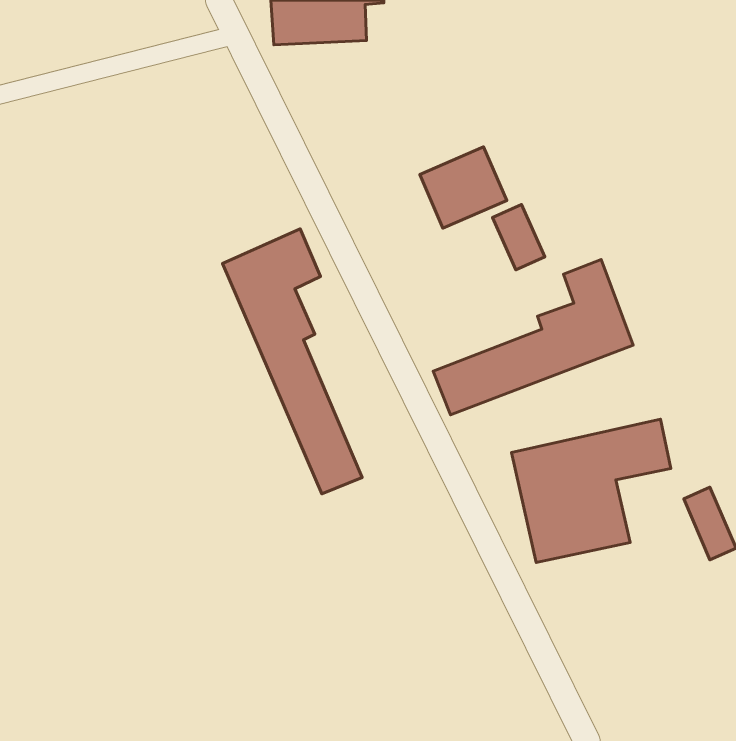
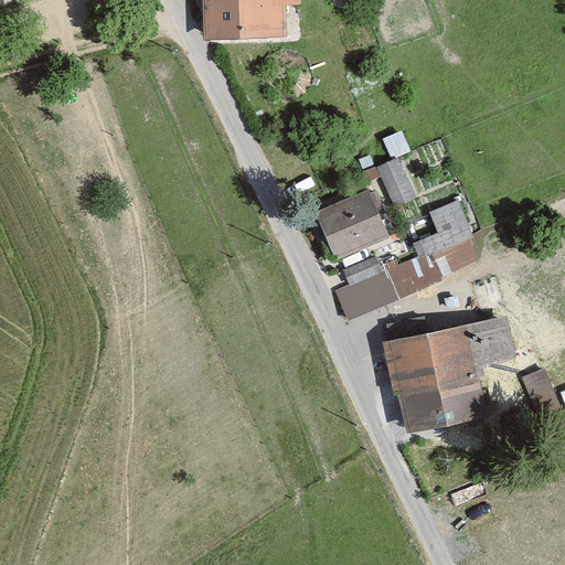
building: [420,147,507,228] -> [318,194,384,256]
building: [222,229,362,494] -> none

